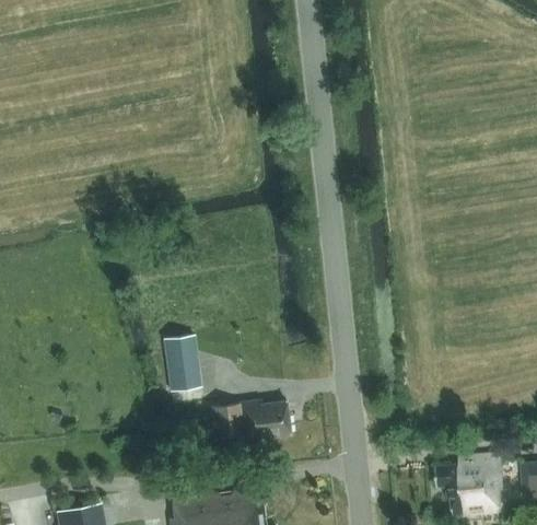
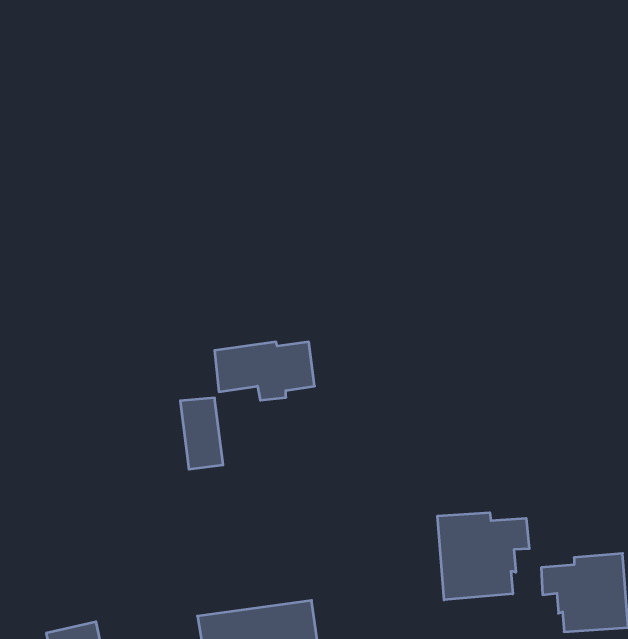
building: [212,400,289,445] -> [215,342,315,400]
building: none -> [438,513,529,600]

